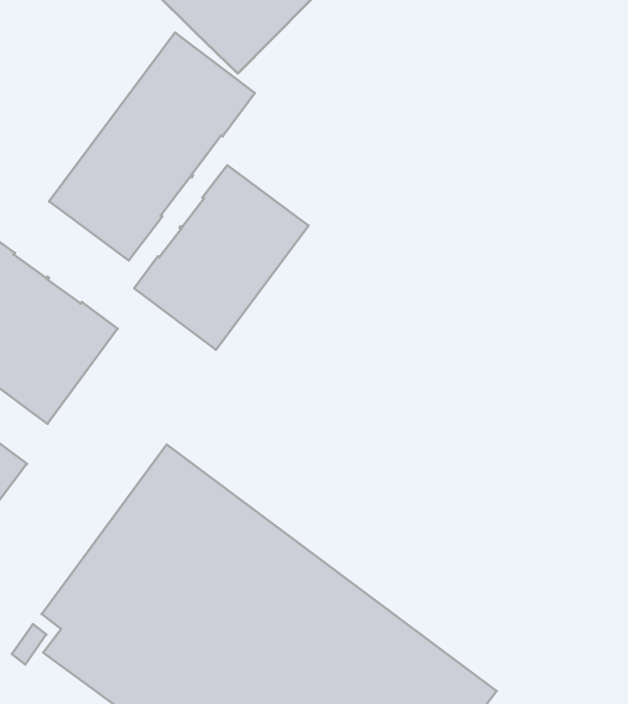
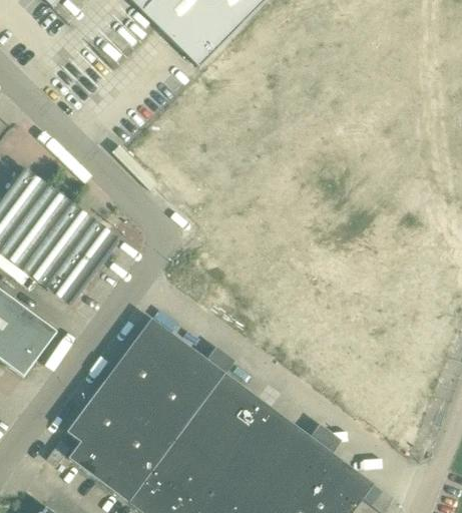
building: [49,33,255,260] -> none
building: [134,165,308,350] -> none

